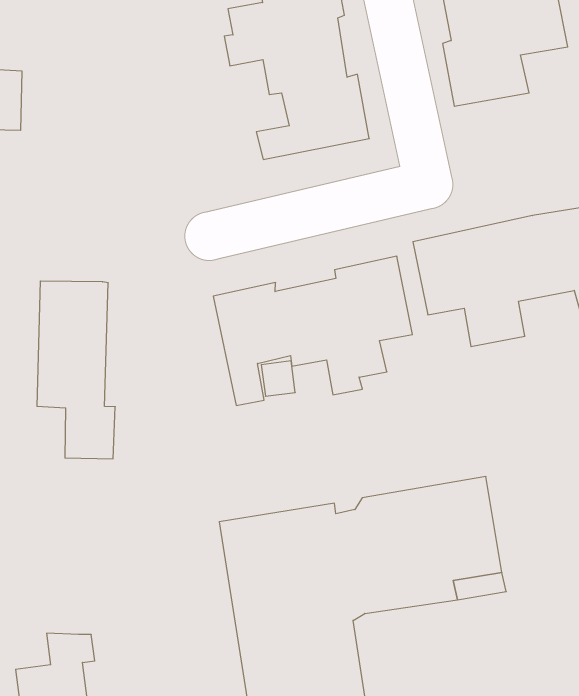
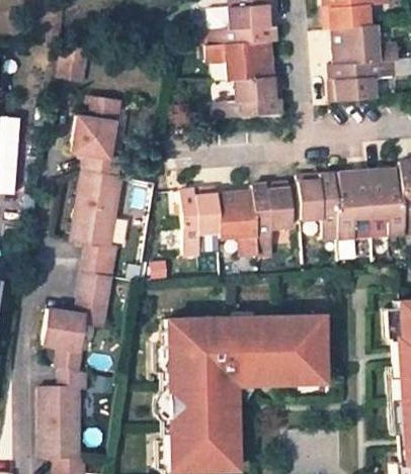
building: none -> [72,96,120,175]
building: none -> [44,272,111,373]

